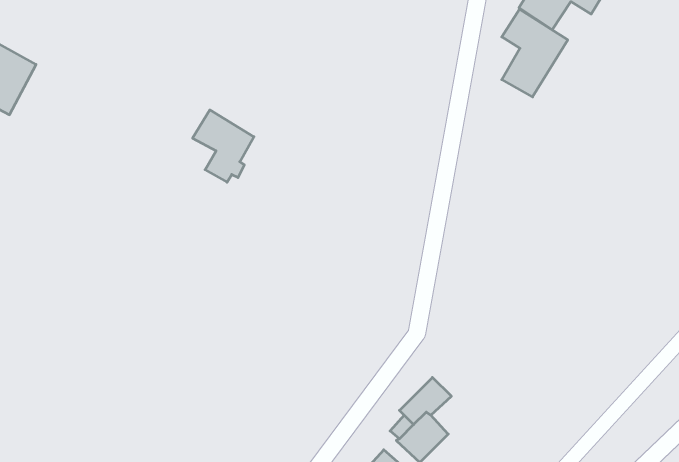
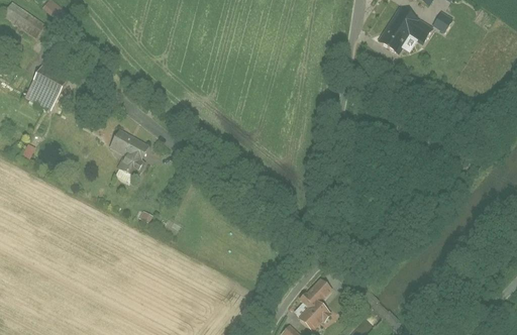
building: [502,9,568,97] -> none
building: [193,110,254,182] -> [110,128,149,175]

